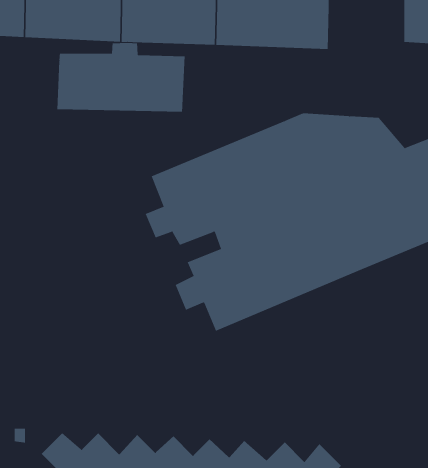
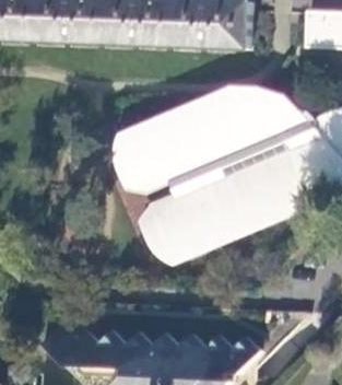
building: [57,42,185,113] -> none

